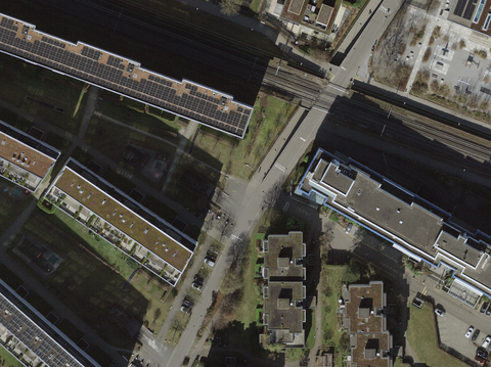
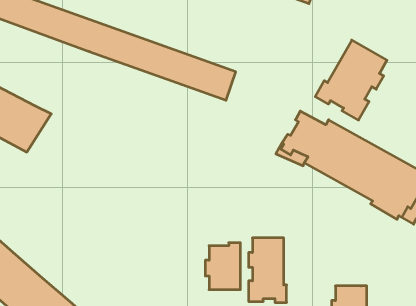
building: none -> [315,40,387,120]
building: [41,157,195,283] -> none
building: [265,232,302,281] -> [205,243,240,290]
building: [346,282,383,331] -> none

